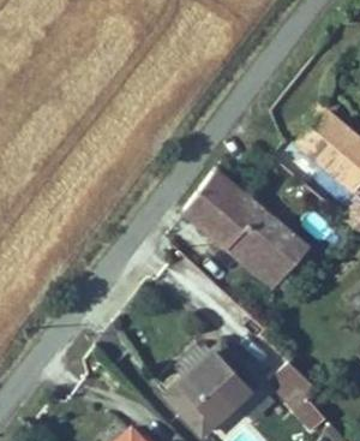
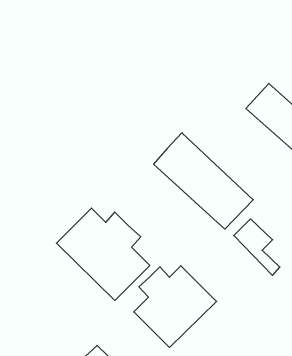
building: none -> [56,208,150,300]
building: [268,364,320,429] -> [234,219,280,275]

